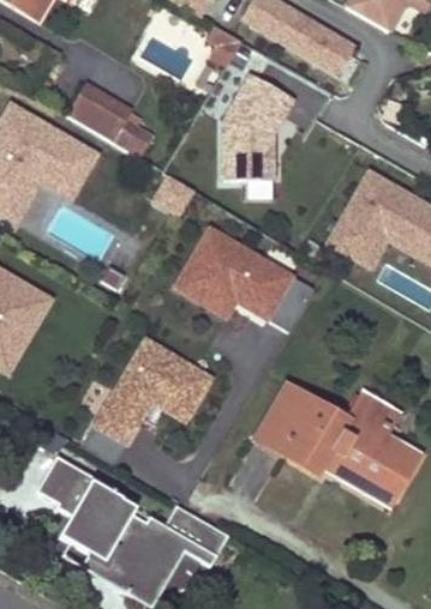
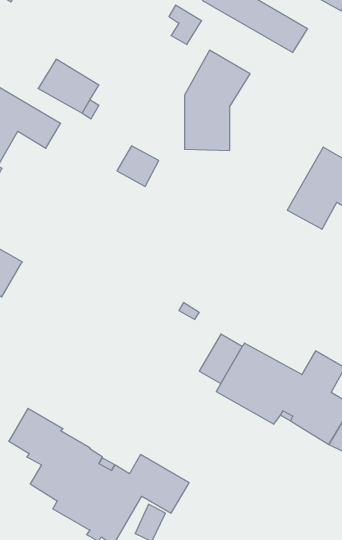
building: [178,227,316,331] -> none
building: [83,339,211,466] -> none

